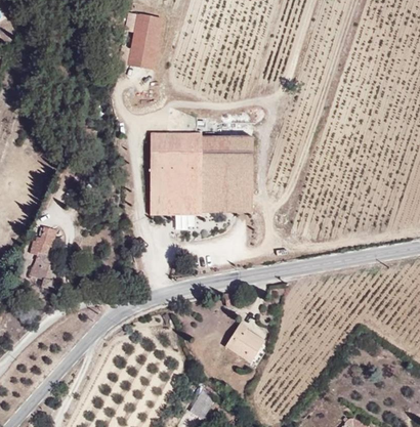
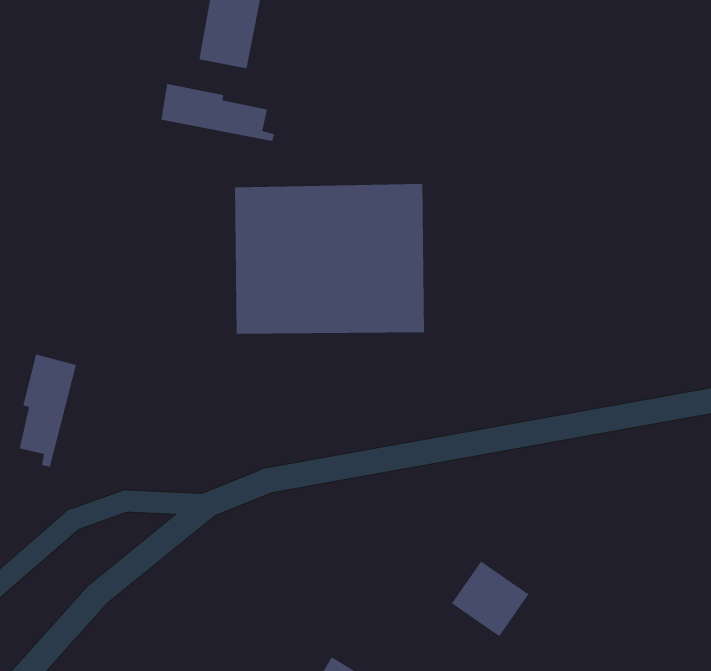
building: none -> [160,83,275,142]
building: [218,319,261,361] -> [451,560,530,637]

